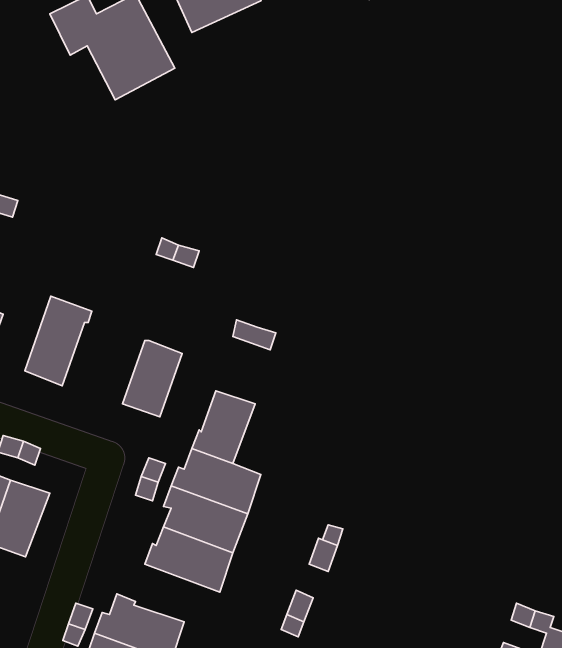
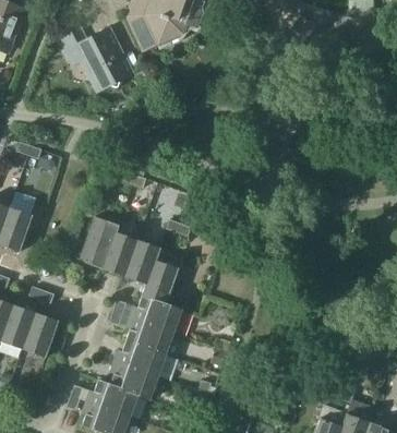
building: [25,296,92,386] -> [80,216,119,268]
building: none -> [123,239,160,285]
building: none -> [108,362,158,400]

